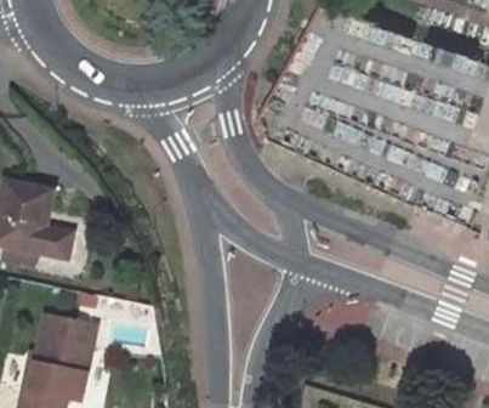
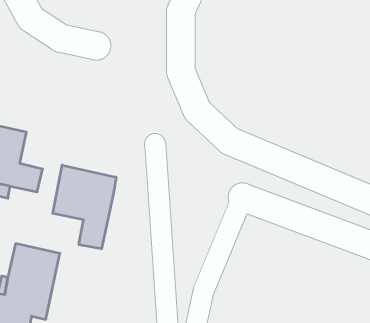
building: none -> [53,165,116,249]

